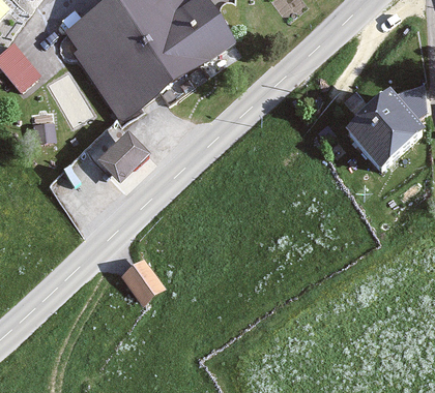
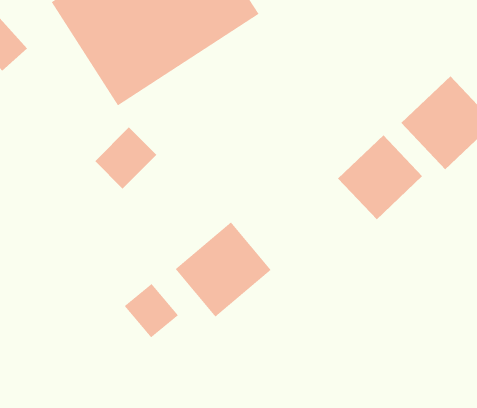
building: none -> [337,135,423,220]
building: none -> [175,222,272,317]

